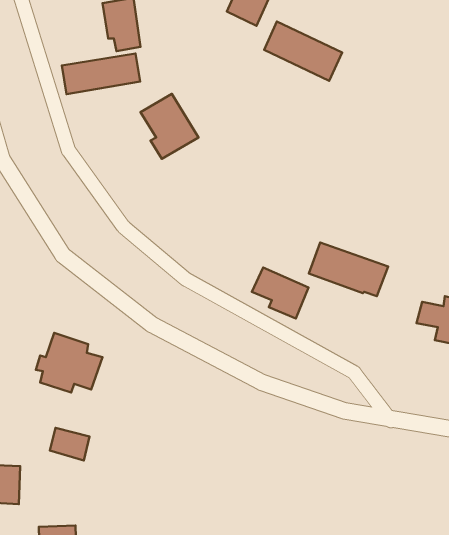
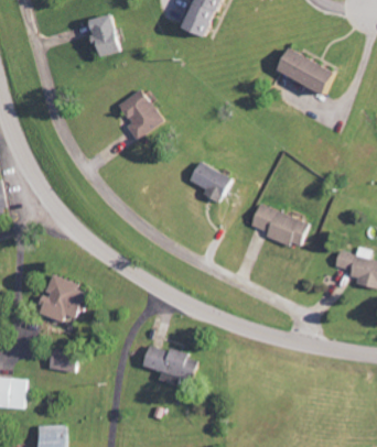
building: [264,21,342,81] -> [280,48,341,95]
building: [62,54,140,94] -> none
building: [252,268,308,319] -> [188,163,233,203]
building: none -> [148,347,198,384]

